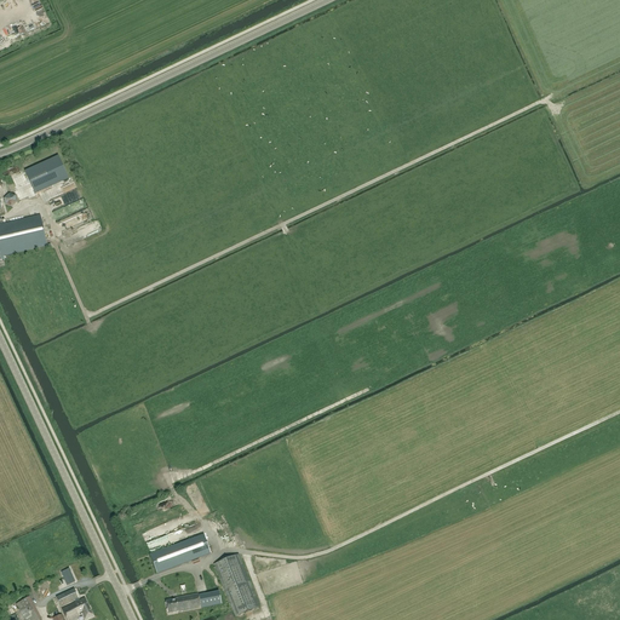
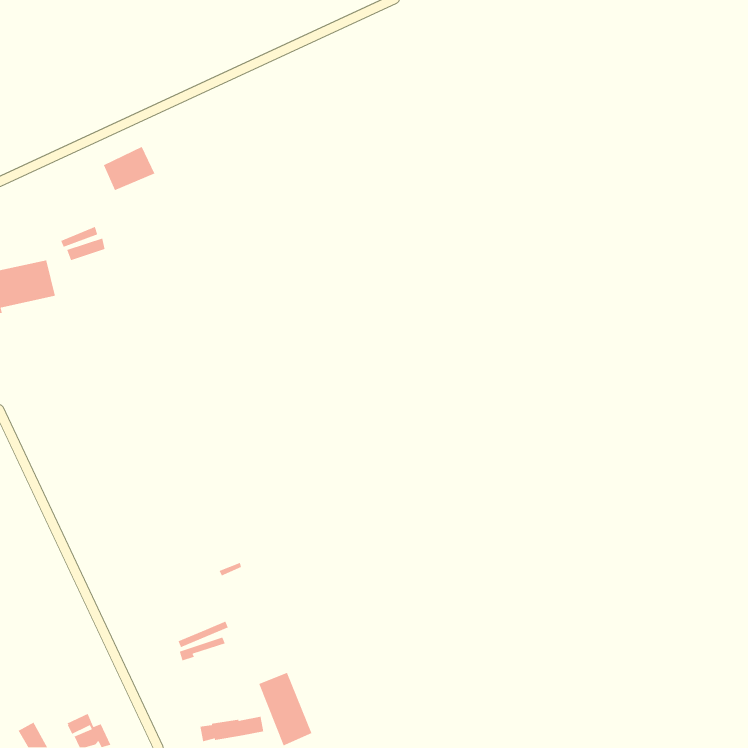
building: [27,157,70,195] -> [103,146,156,191]
building: [149,534,209,572] -> none

